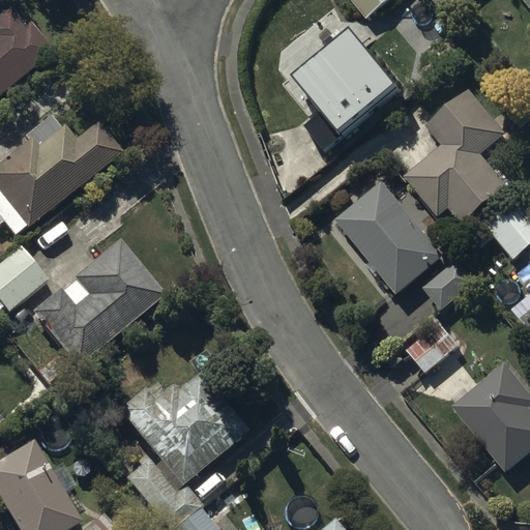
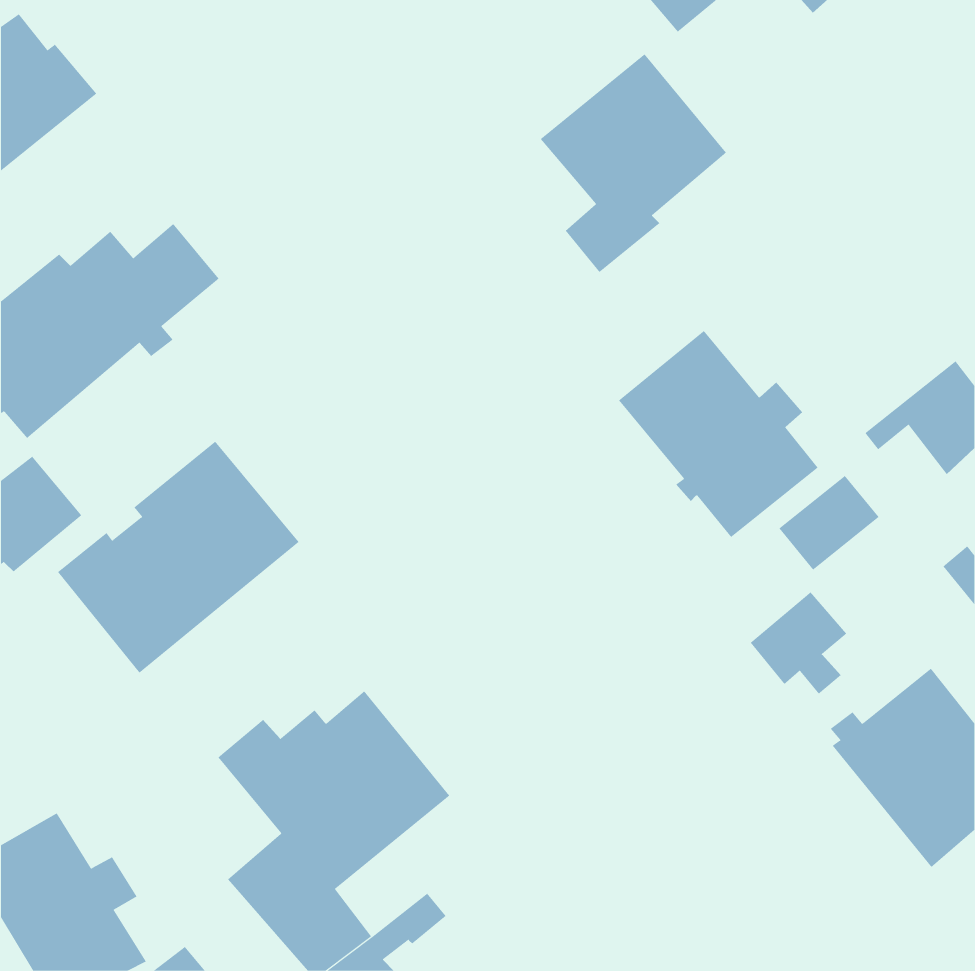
building: [405,88,508,228] -> none

